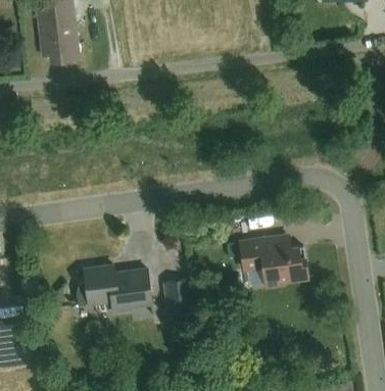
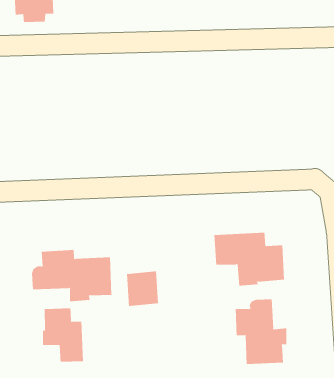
building: none -> [235,299,287,365]
building: none -> [43,308,83,362]

